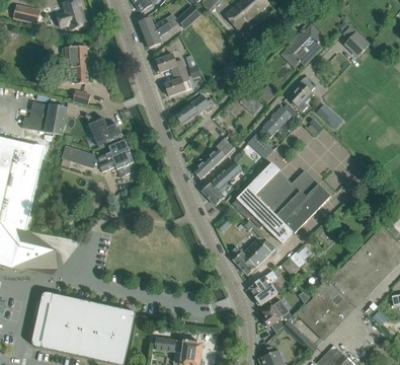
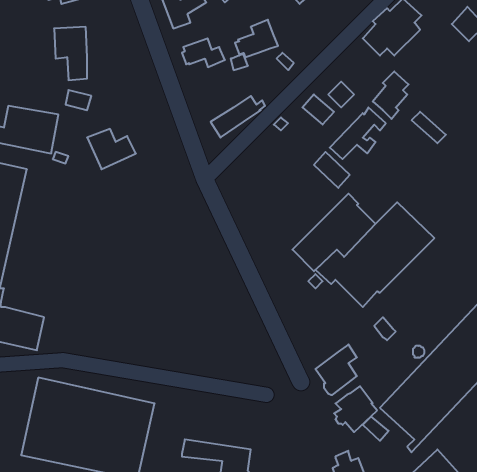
building: [161,69,191,95] -> [235,20,278,57]
building: [192,137,234,178] -> none
building: [62,138,133,173] -> none
building: [202,161,241,205] -> none
building: [230,237,274,275] -> none

